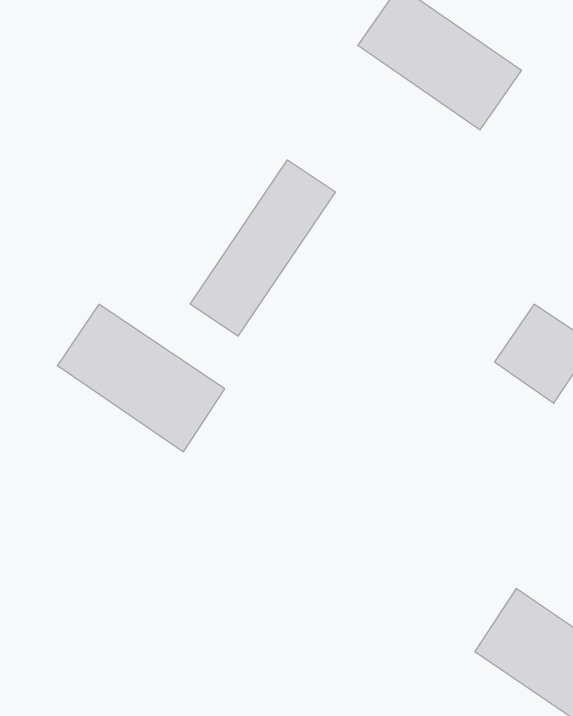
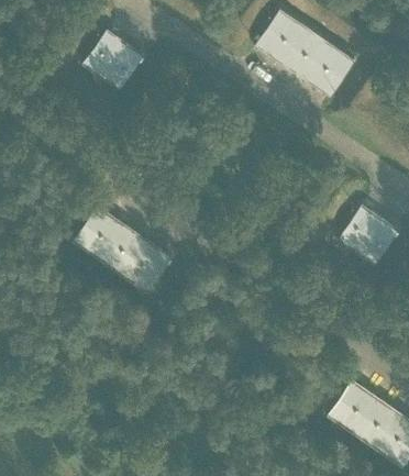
building: none -> [82,30,144,91]
building: [190,160,335,336] -> none

